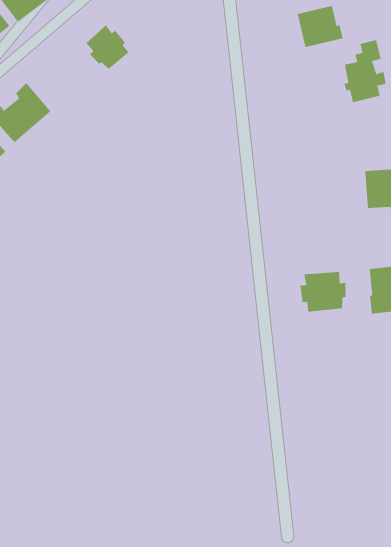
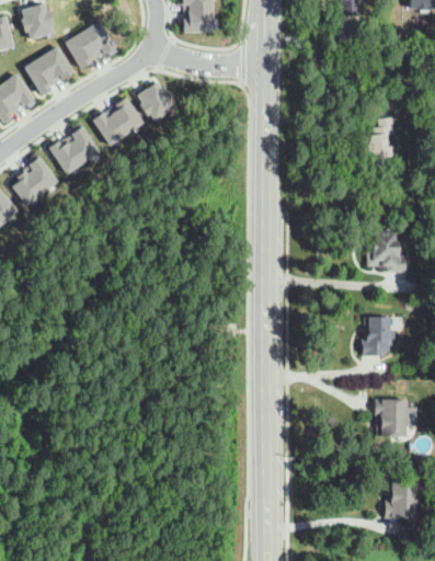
building: [297,5,343,48] -> none
building: none -> [96,93,150,145]
building: [300,271,346,312] -> none

